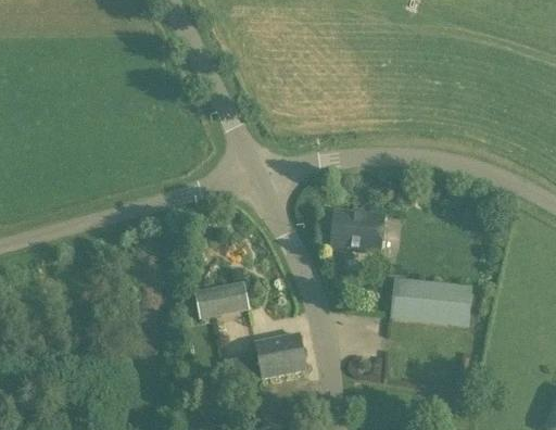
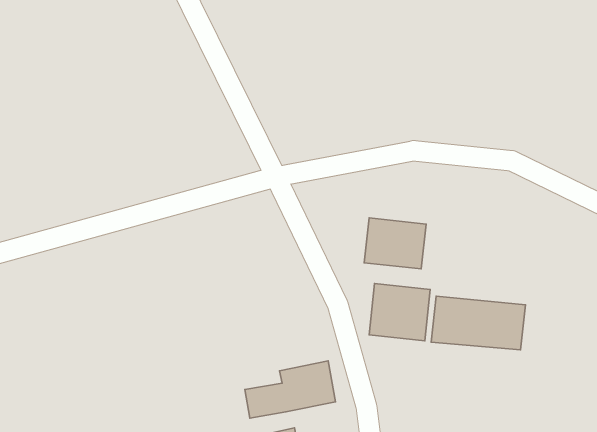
building: none -> [369,284,430,341]
building: [194,280,250,317] -> none

